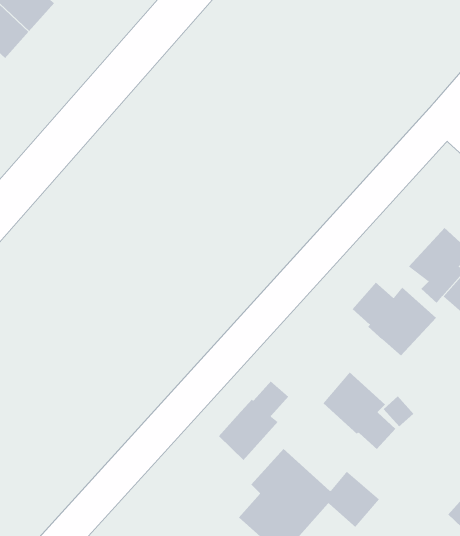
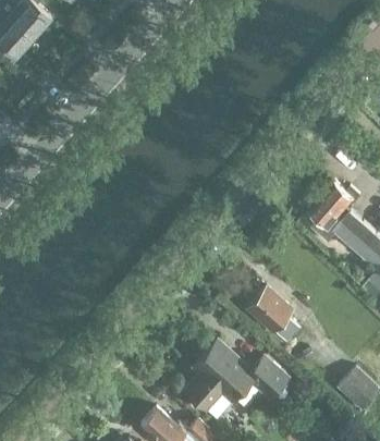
building: [352,282,437,356] -> none
building: [218,381,289,461] -> none

